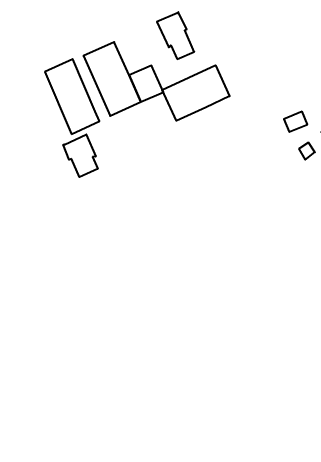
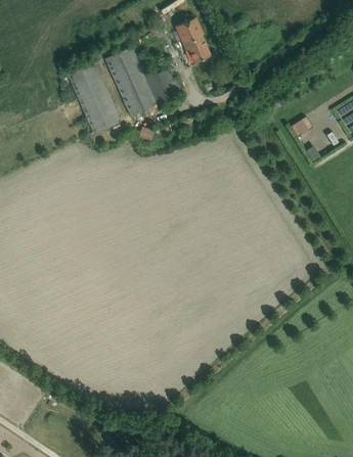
building: [162,65,230,121] -> none
building: [63,134,98,177] -> none

